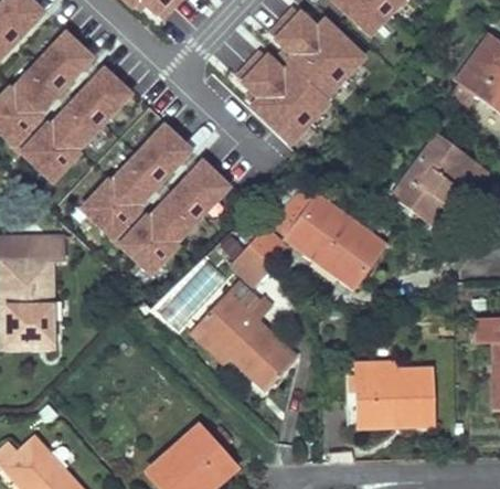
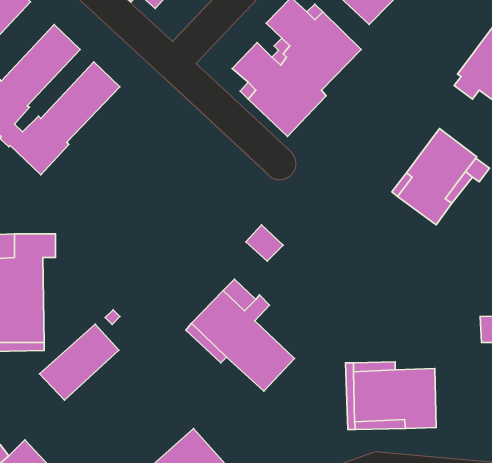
building: [82,126,227,273] -> none
building: [269,188,387,288] -> none
building: [232,244,275,287] -> none
building: [152,261,230,334] -> [40,324,119,400]

